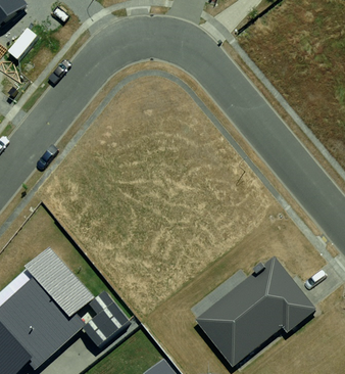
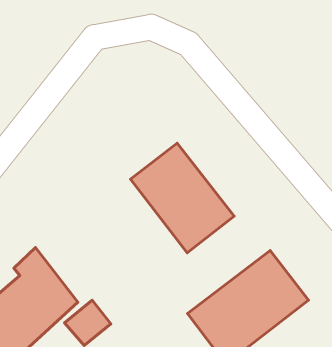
building: none -> [131,143,234,253]

